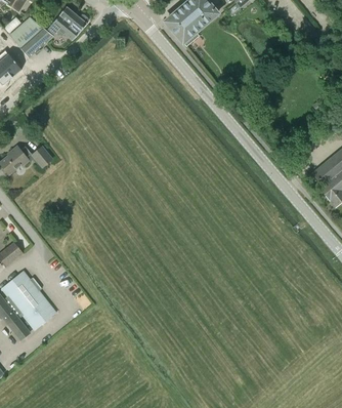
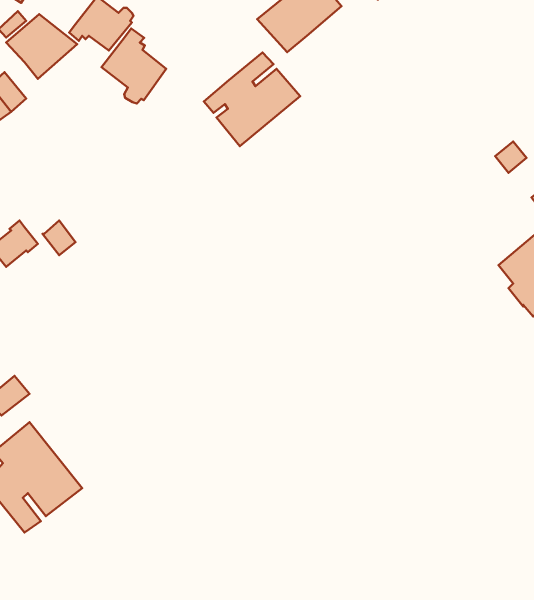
building: none -> [101,29,166,103]
building: none -> [204,53,300,146]

